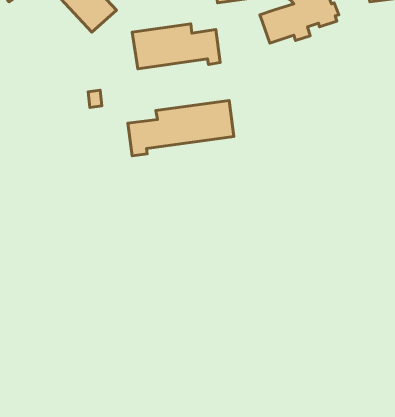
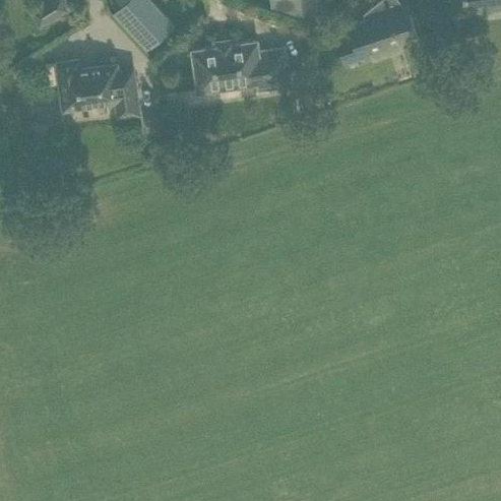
building: none -> [56,60,138,117]
building: [128,100,234,156] -> none

